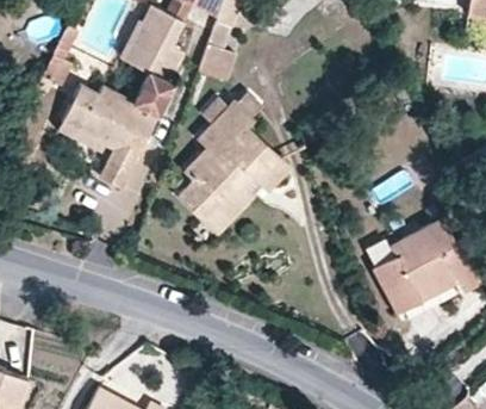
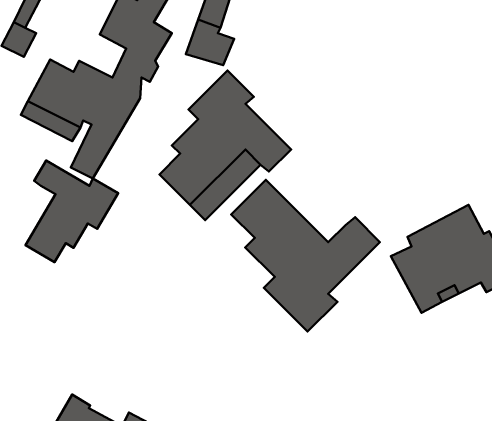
building: none -> [25,160,118,262]
building: none -> [231,180,380,332]

